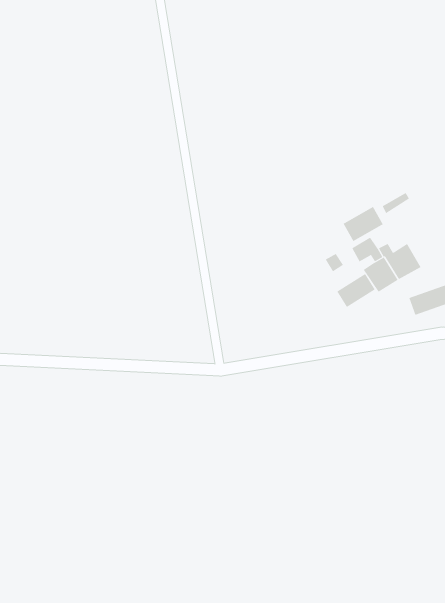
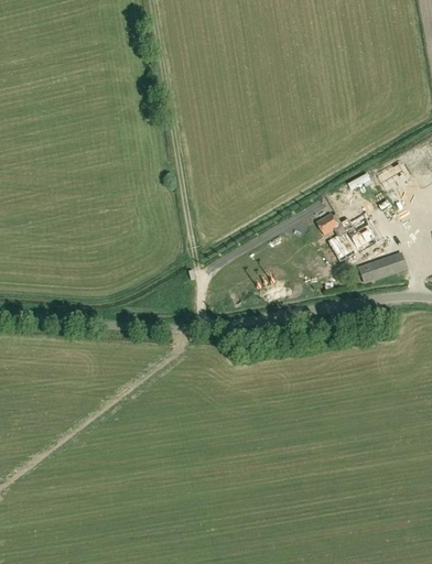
building: [343,206,384,242] -> none
building: [336,273,376,308] -> none

